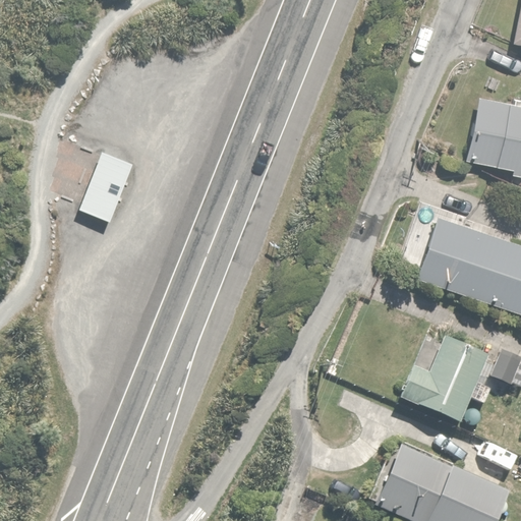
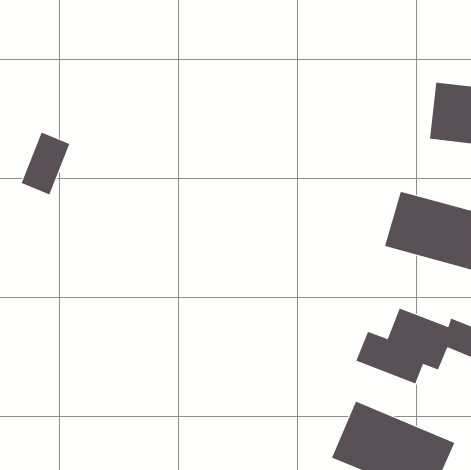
building: [80,153,134,222] -> [21,132,70,195]

